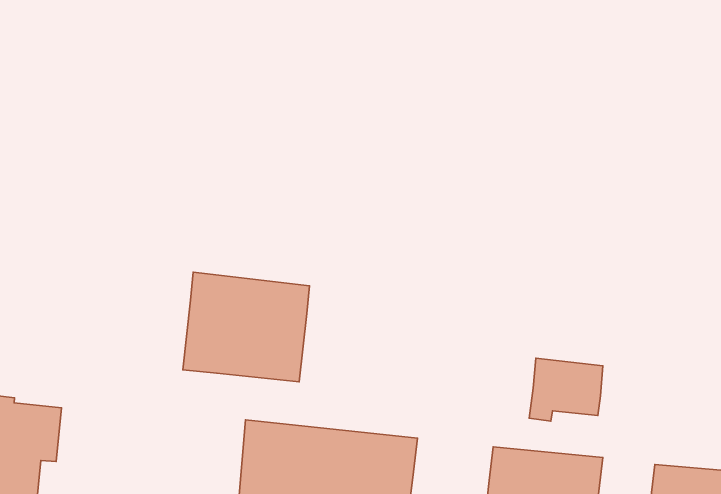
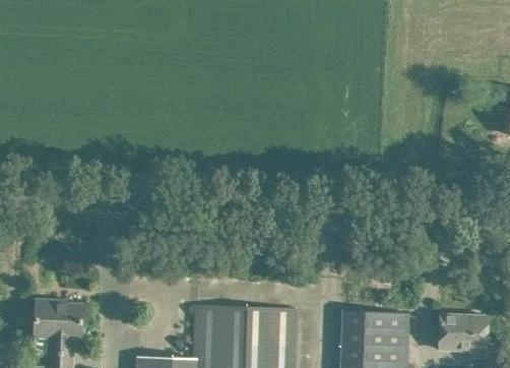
building: [183,272,309,382] -> none
building: [529,358,603,421] -> none

